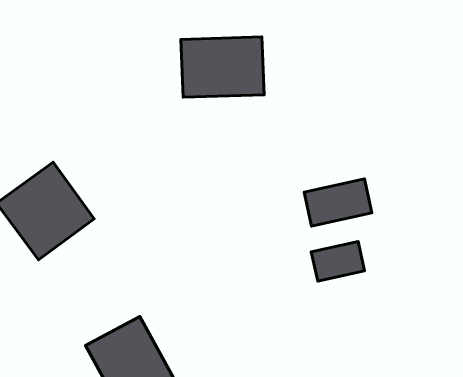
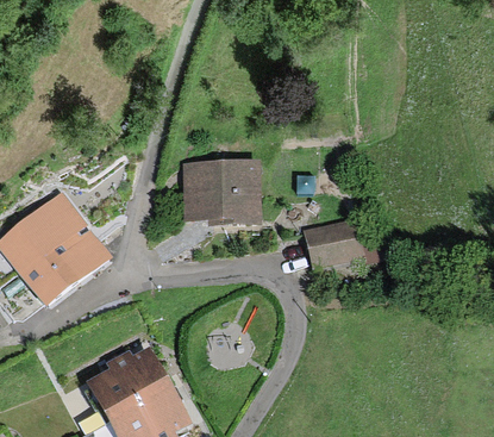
building: [181,37,264,97] -> [182,166,264,225]
building: [311,242,365,281] -> none

